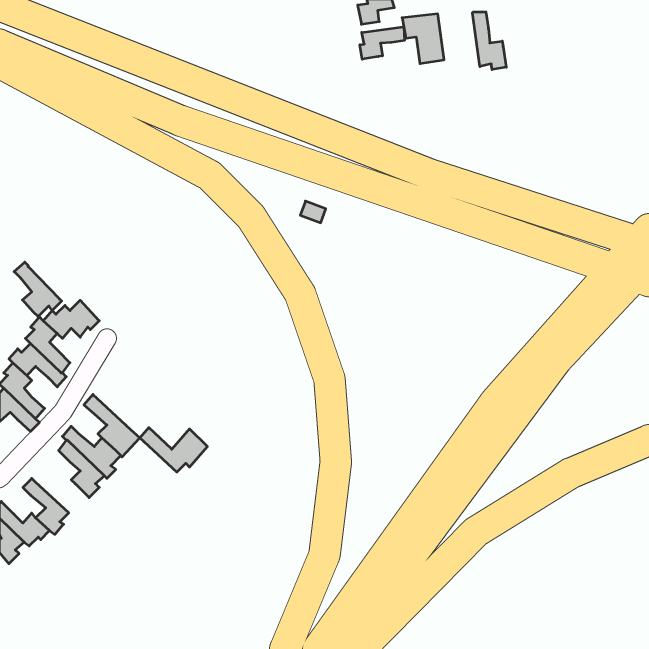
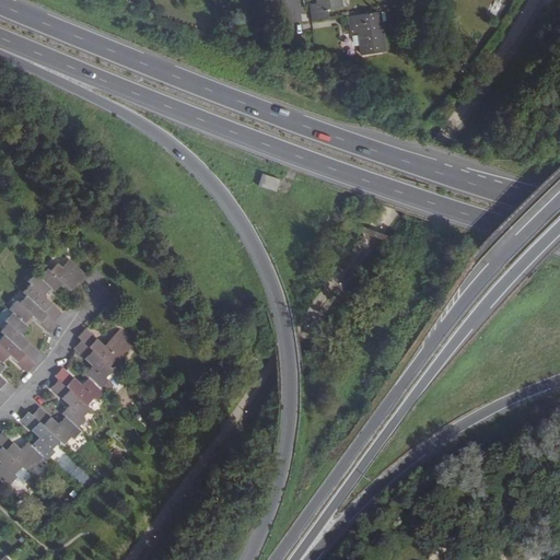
building: [472,12,506,70] -> none
building: [360,27,404,59] -> none
building: [14,262,62,317] -> none
building: [140,428,207,472] -> [77,327,135,365]
building: none -> [31,406,81,444]

